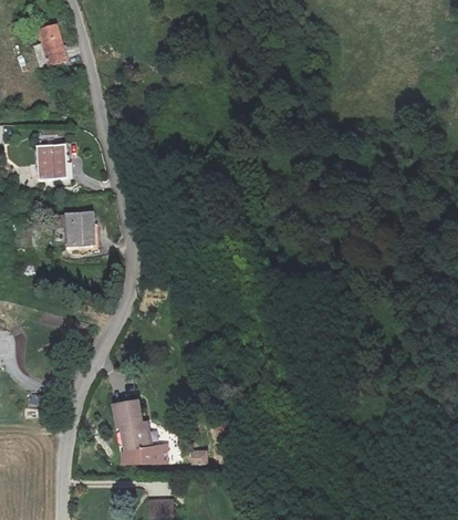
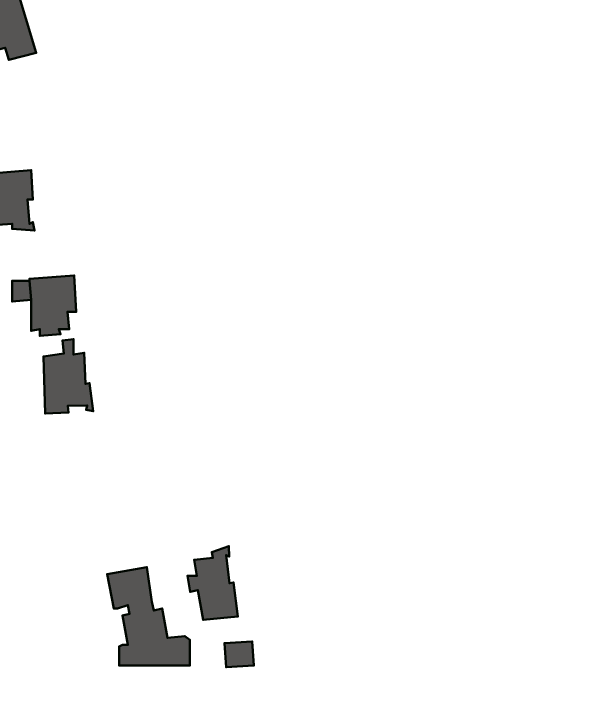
building: none -> [43,339,93,413]
building: none -> [187,546,238,620]

